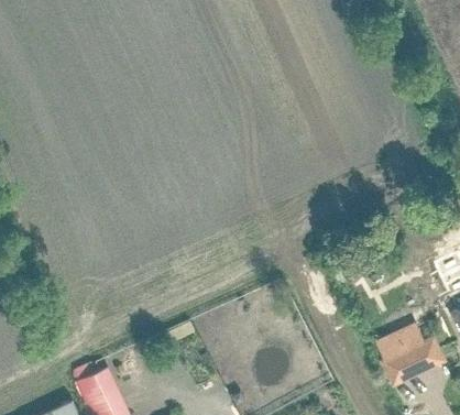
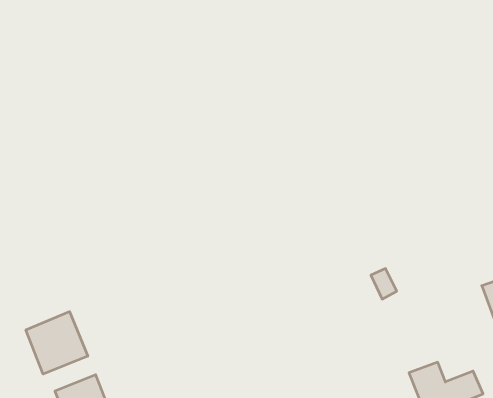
building: none -> [26,312,88,374]

